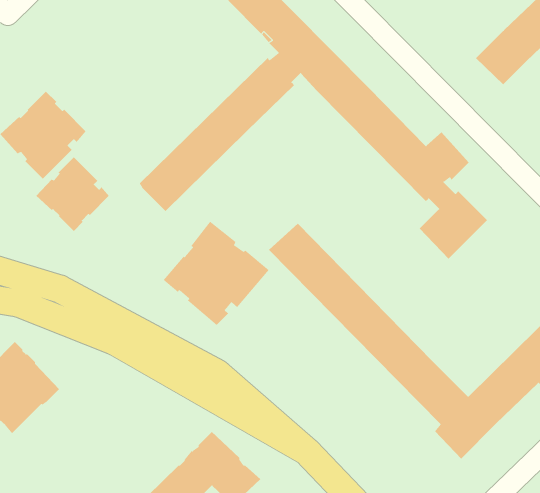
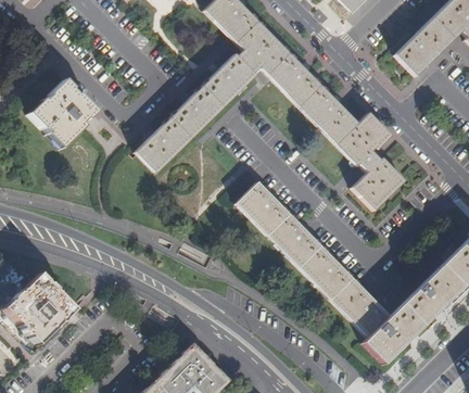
building: [35,156,110,232] -> none
building: [163,221,269,326] -> none

